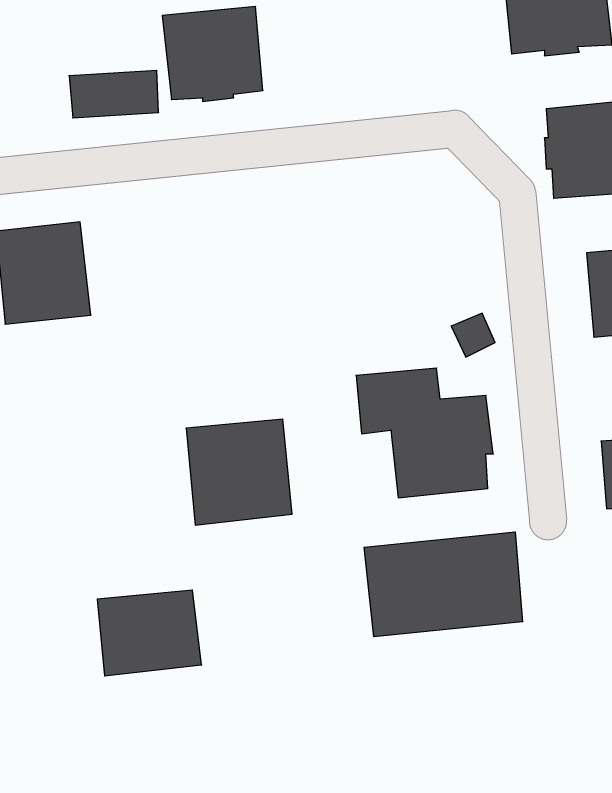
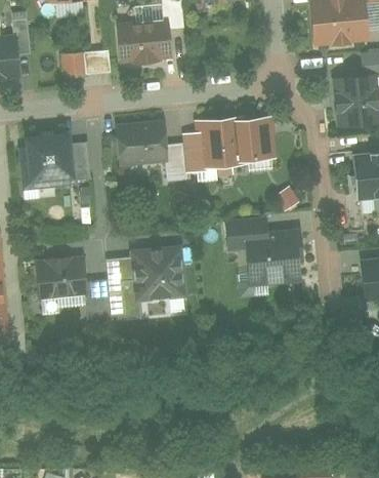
building: none -> [184,115,277,170]
building: none -> [115,121,169,167]
building: [364,532,523,637] -> none
building: [97,590,202,676] -> [32,254,90,303]

